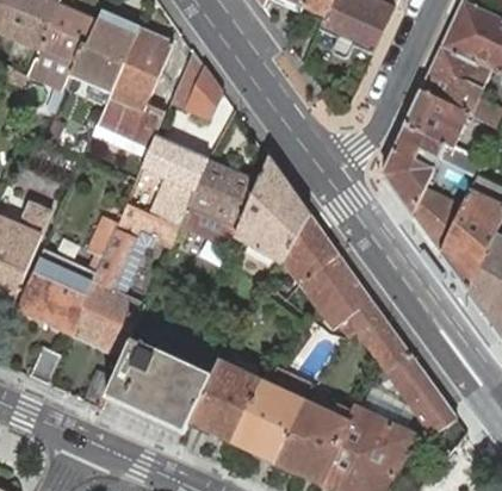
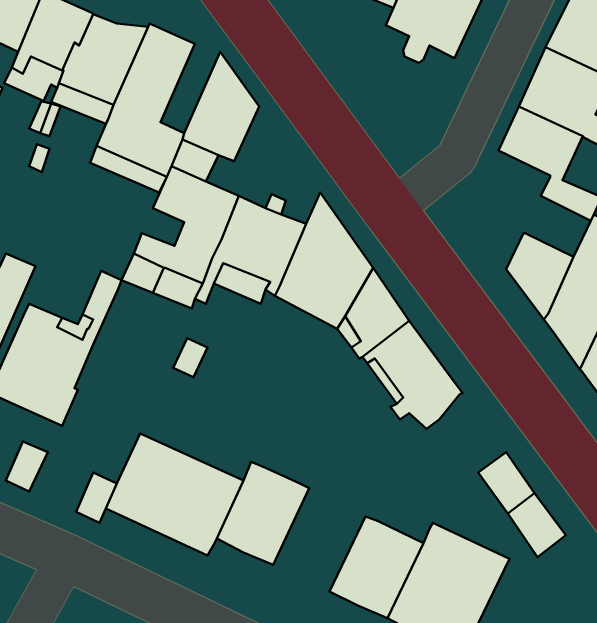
building: [383,123,445,213] -> none
building: [73,228,144,354] -> none
building: [360,307,411,368] -> none
building: [234,380,304,459] -> none

